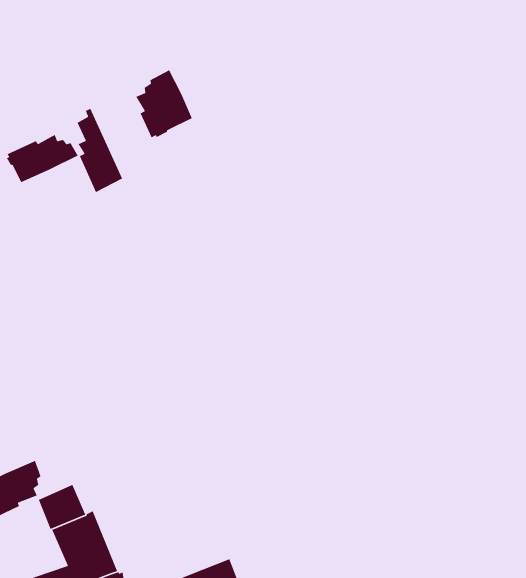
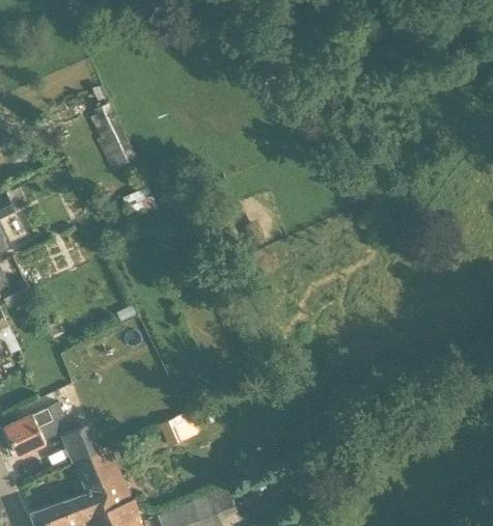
building: [135,69,193,138] -> none
building: [6,134,79,183] -> none

